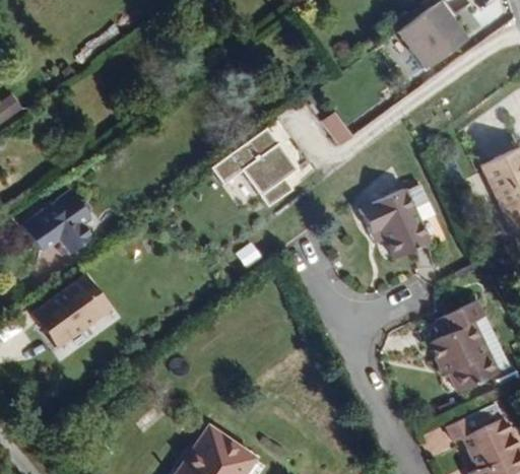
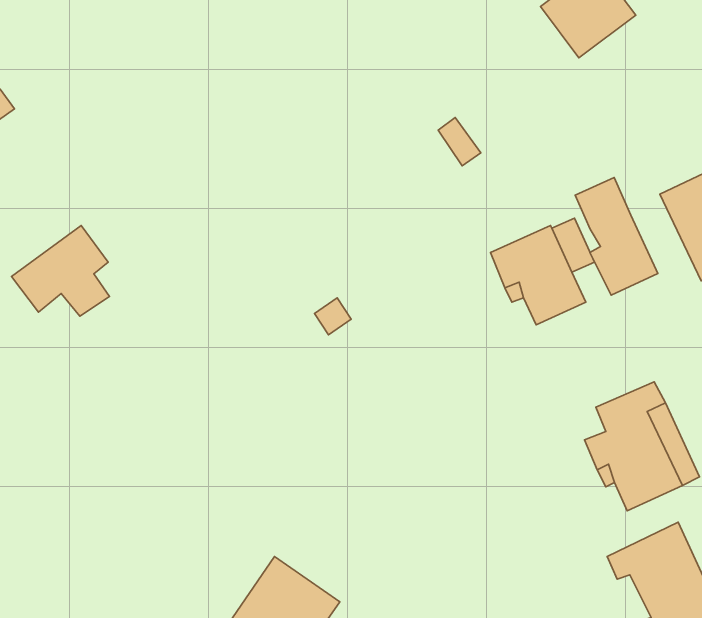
building: [209,125,294,204] -> none
building: none -> [575,177,658,295]
building: [29,276,109,349] -> none

